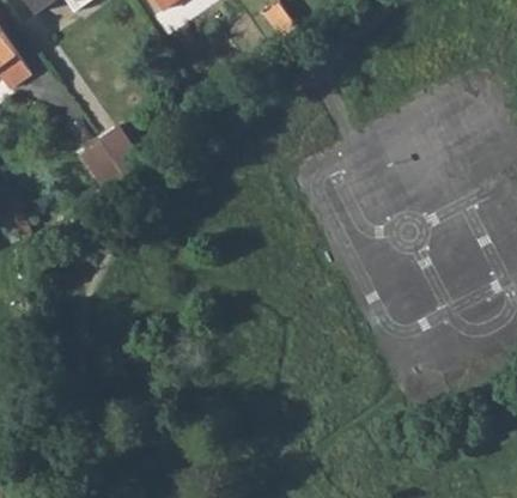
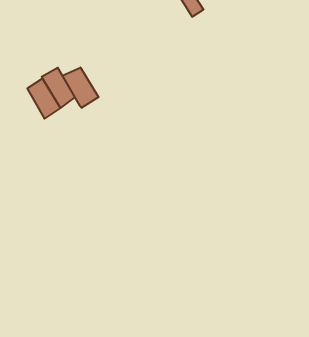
building: none -> [63,67,99,108]

